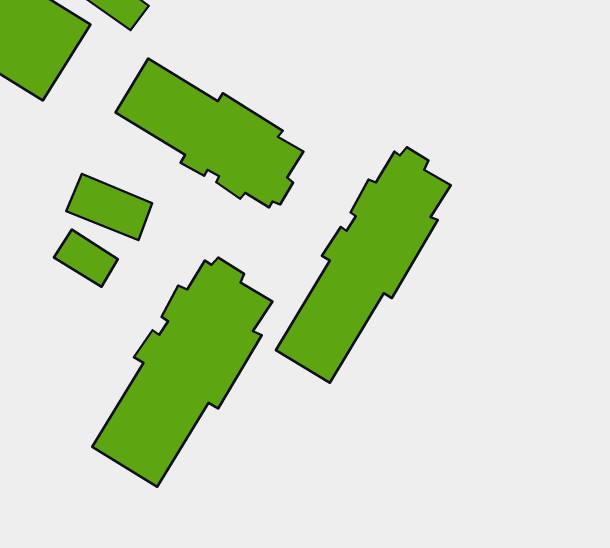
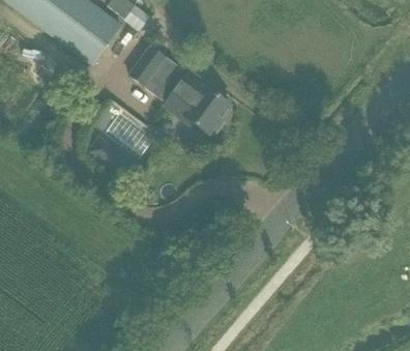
building: [276,147,451,383] -> none
building: [92,257,273,487] -> none

